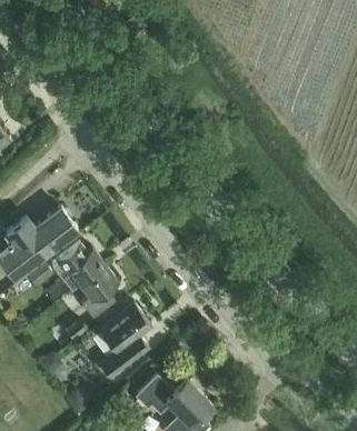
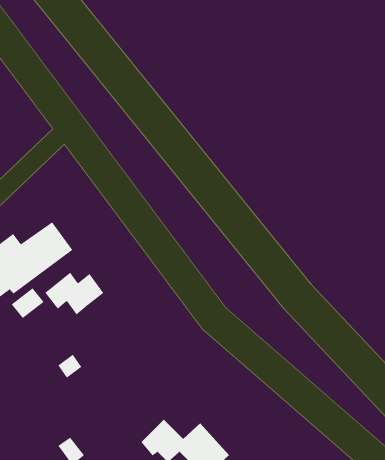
building: [81,269,119,320] -> none
building: [98,307,151,381] -> none

